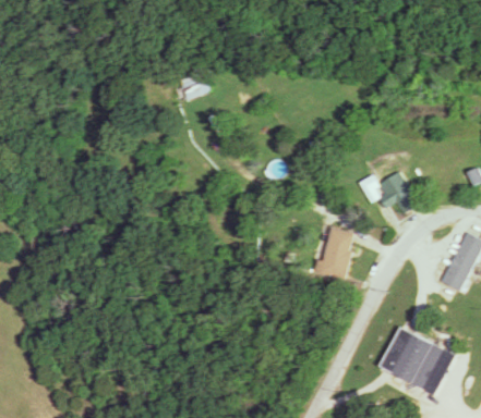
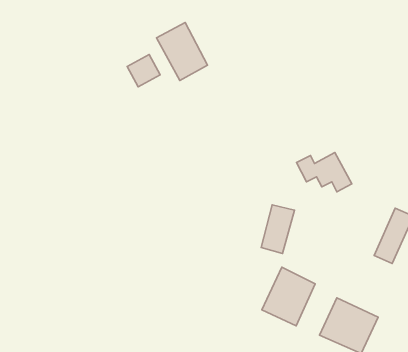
building: none -> [157,23,208,81]
building: none -> [262,267,315,326]

